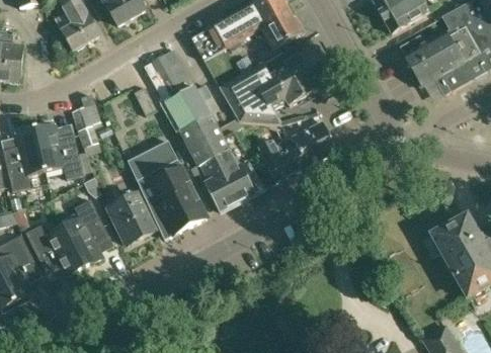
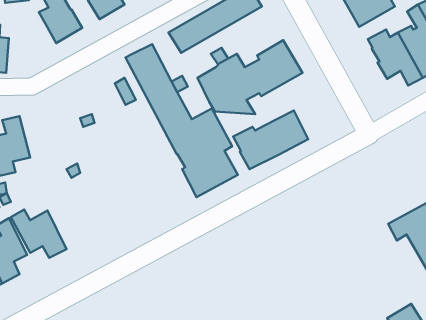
building: [260,10,301,49] -> none
building: [71,101,100,146] -> none
building: [33,121,83,176] -> none
building: [128,139,208,238] -> none
building: [106,192,155,244] -> none
building: [63,197,108,265] -> none

